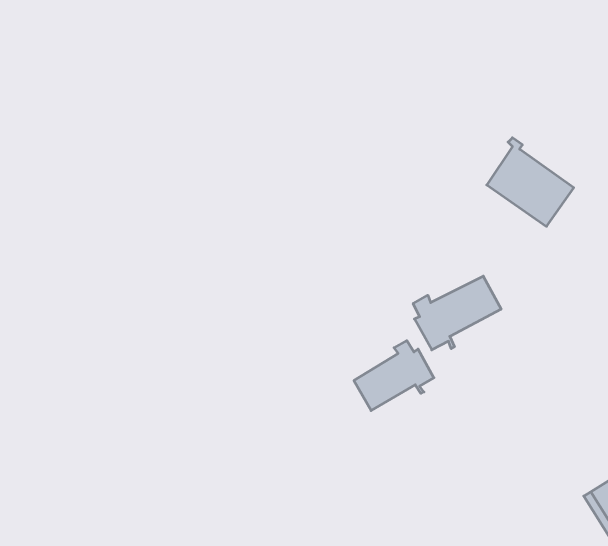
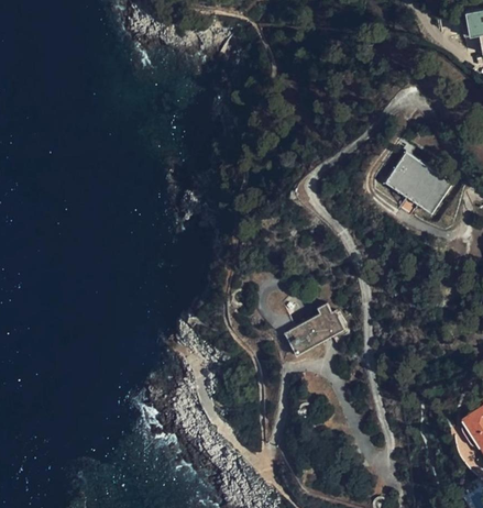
building: [413,276,501,350] -> none

